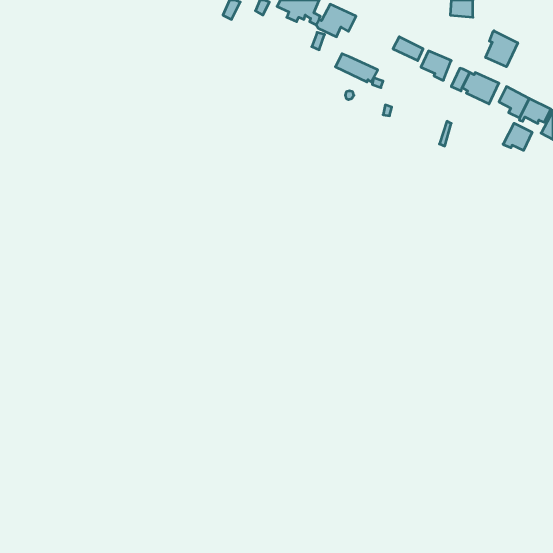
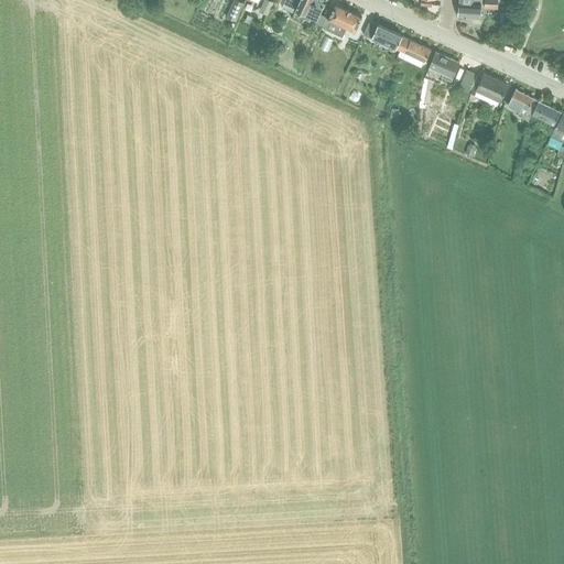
building: [486,31,518,67] -> none
building: [335,54,378,82] -> [364,21,406,50]
building: [503,123,532,150] -> none

